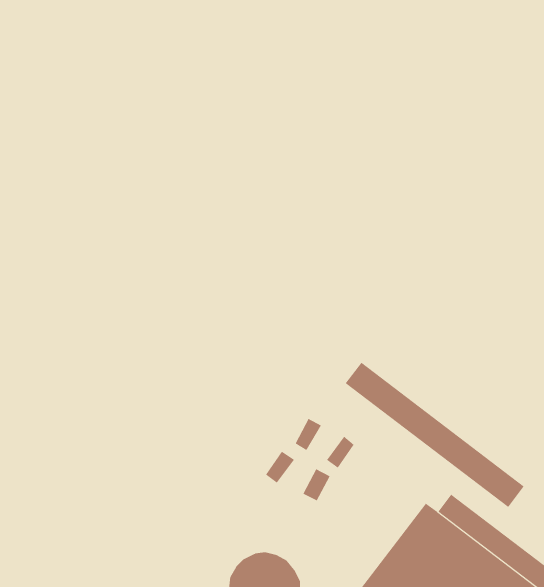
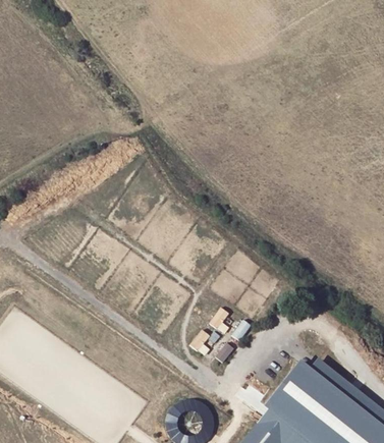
building: [345,362,525,508] -> none

